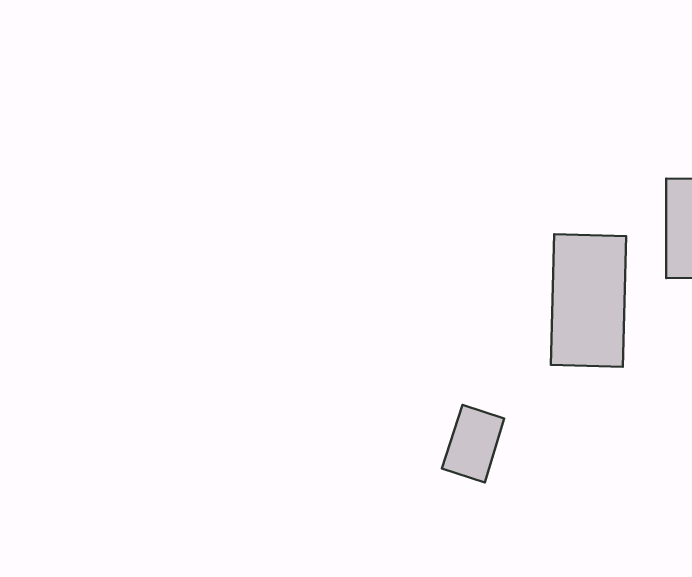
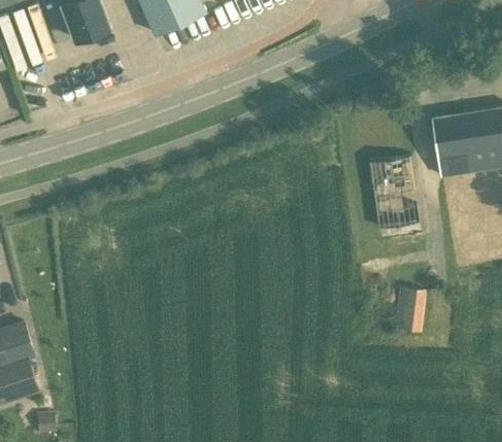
building: [442,405,504,483] -> [393,286,426,332]

